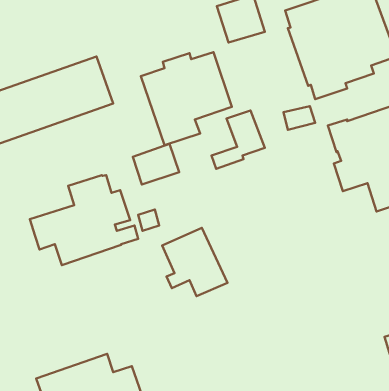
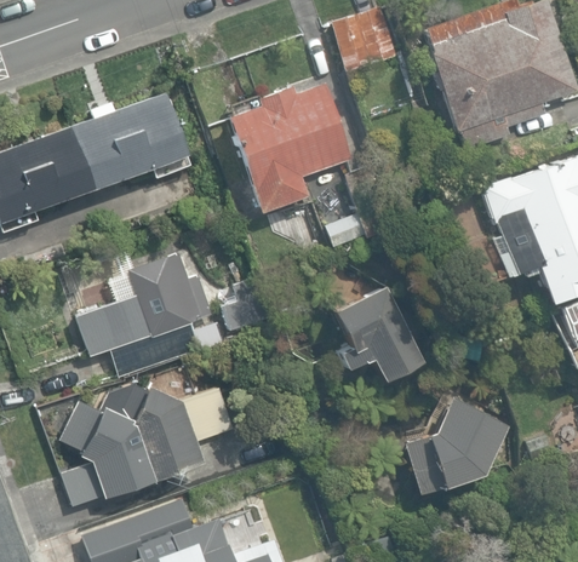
building: [133,144,179,185] -> none
building: [162,228,228,296] -> [333,286,423,379]
building: none -> [62,384,234,506]
building: none -> [404,396,507,492]

